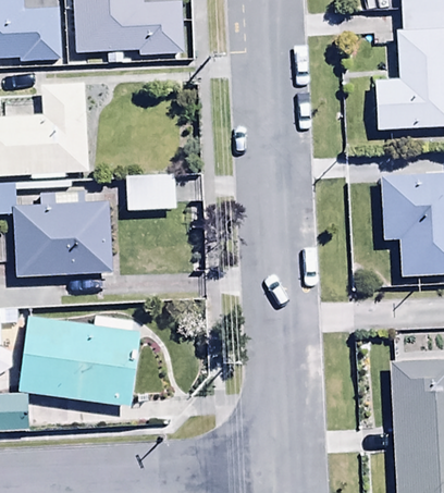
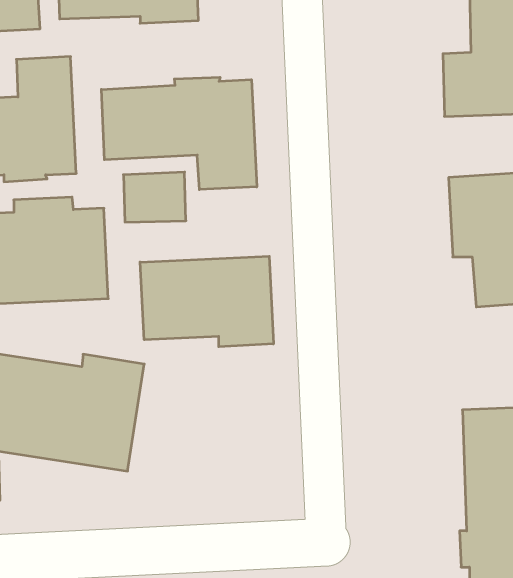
building: none -> [101,77,257,190]
building: none -> [140,256,273,347]

